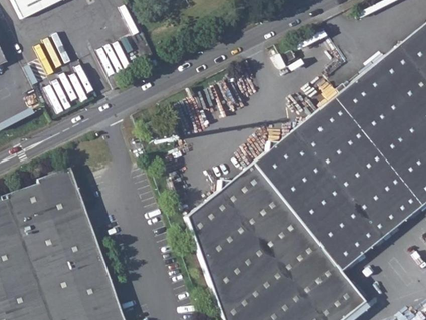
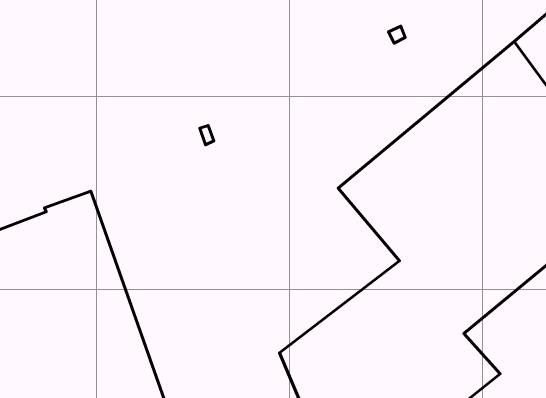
building: [184,167,292,285] -> none

